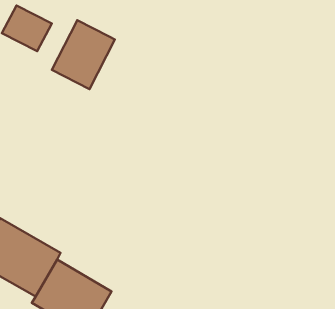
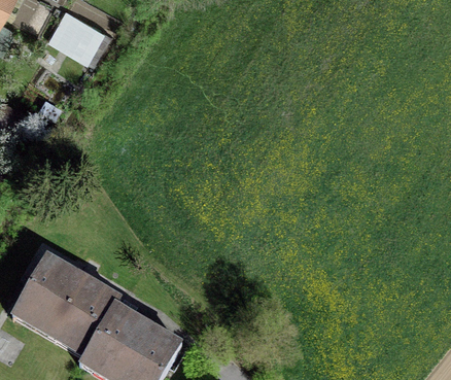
building: [52,20,115,89] -> none

